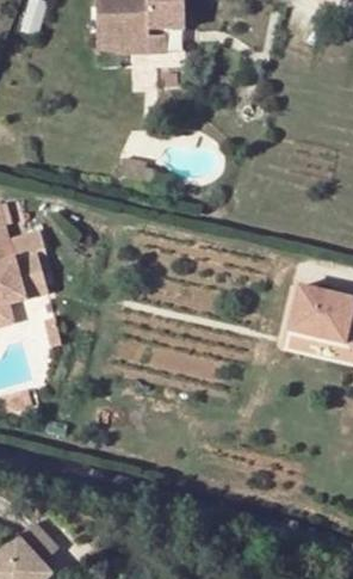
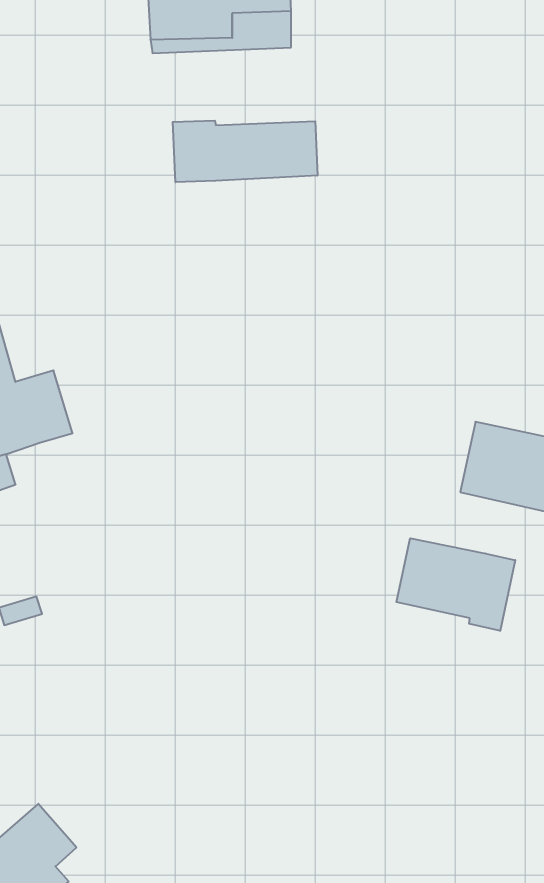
building: none -> [173,121,317,182]
building: none -> [396,538,515,631]

